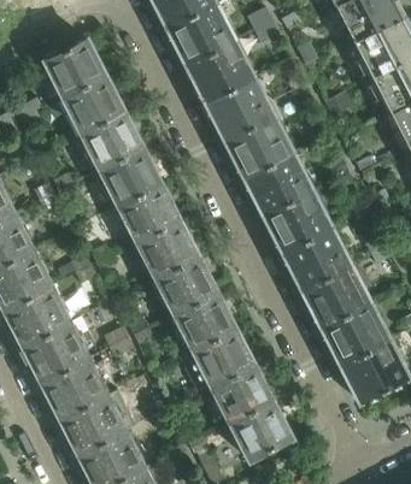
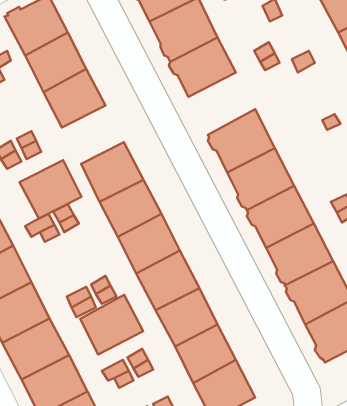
building: [224,116,290,177] -> none
building: [99,148,160,206] -> [19,160,82,219]
building: none -> [80,295,143,354]

